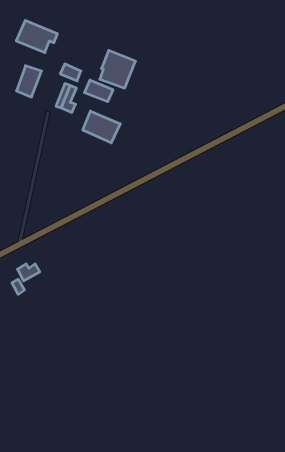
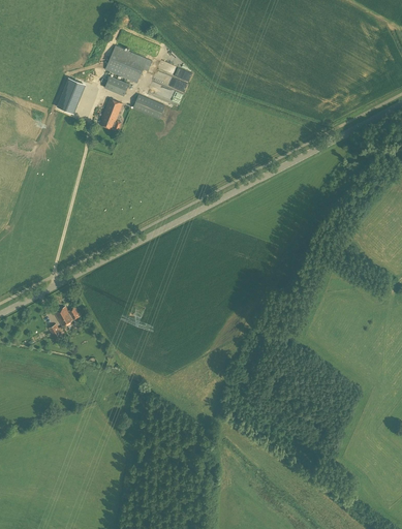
building: [16,20,57,53] -> [105,45,153,83]
building: [83,111,120,143] -> none

